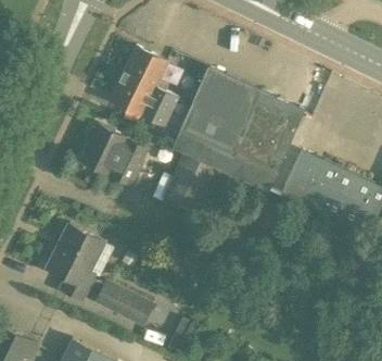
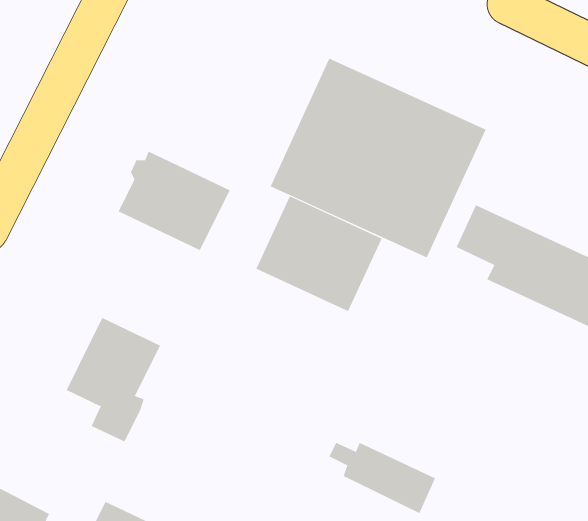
building: [110,48,177,127] -> none
building: [88,282,153,325] -> [329,442,436,514]

